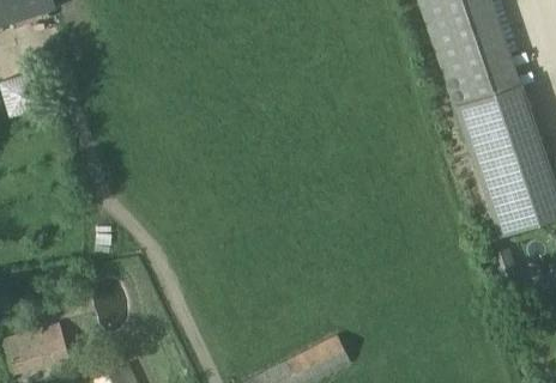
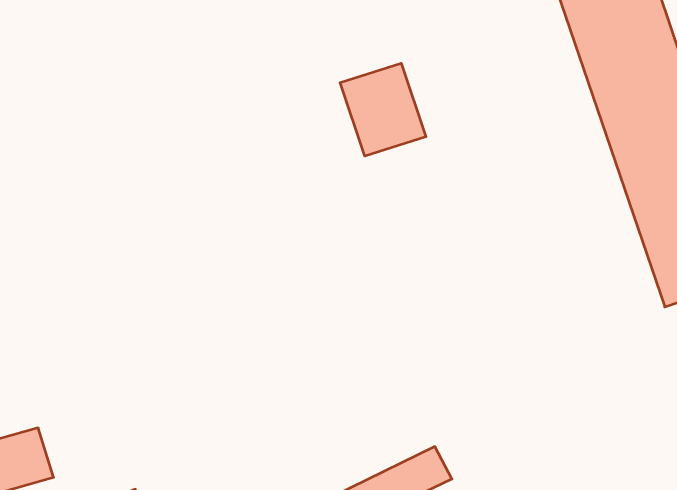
building: none -> [340,63,426,156]

